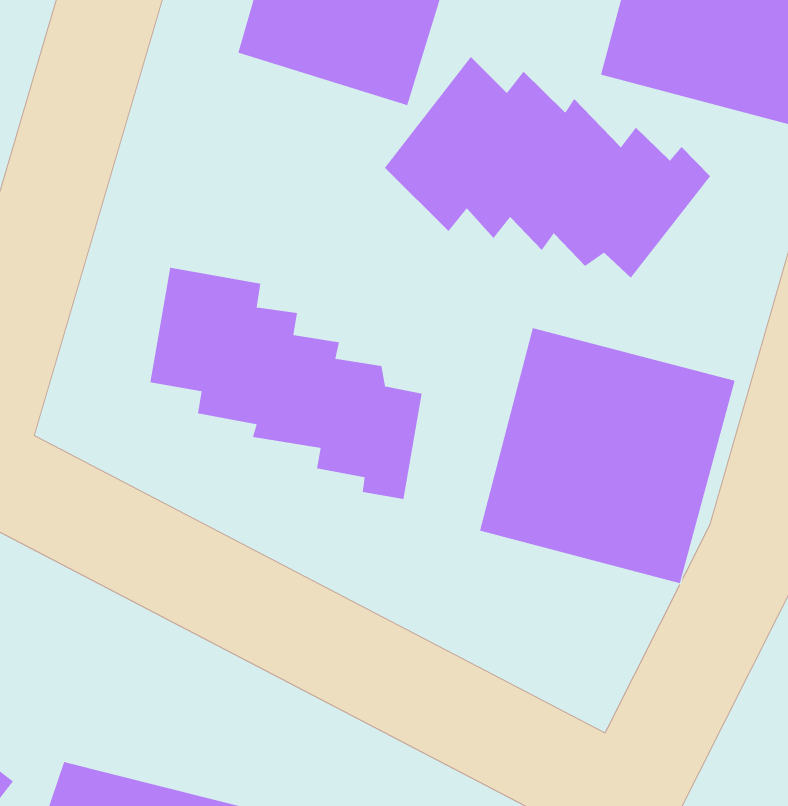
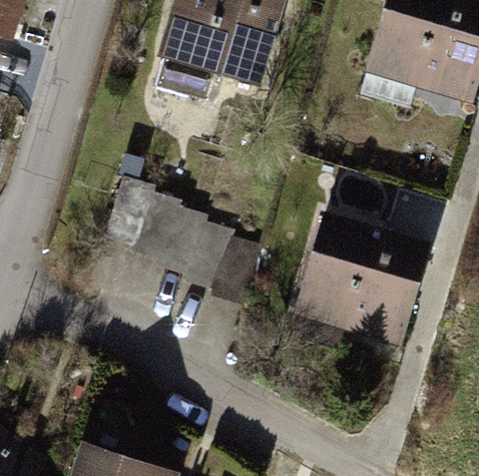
building: [384,56,711,279] -> none

